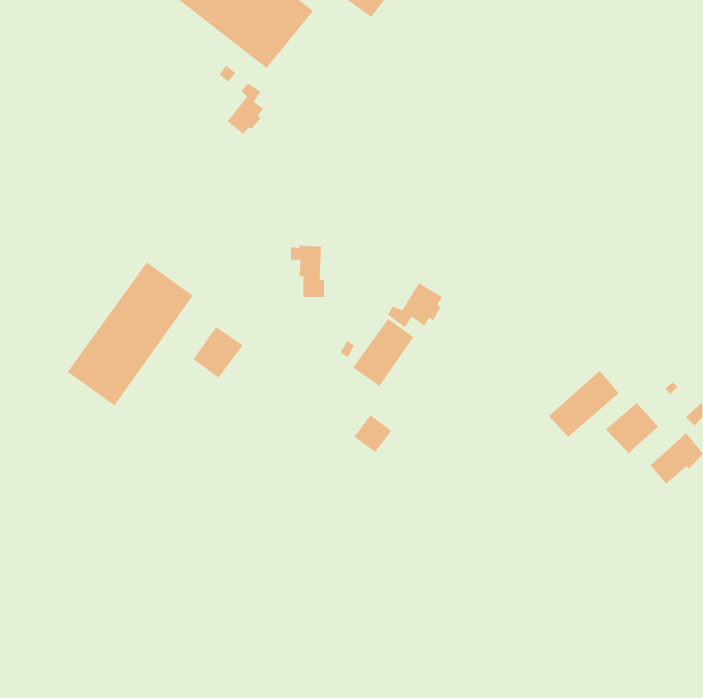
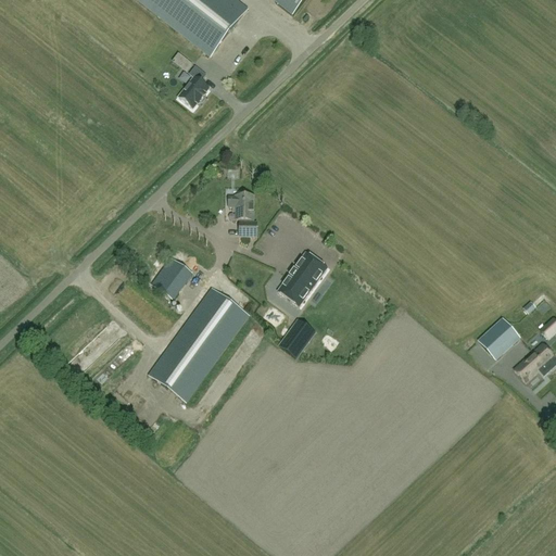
building: [67,262,193,406] -> [149,287,249,401]
building: [387,282,443,328] -> none
building: [548,370,620,438] -> none

